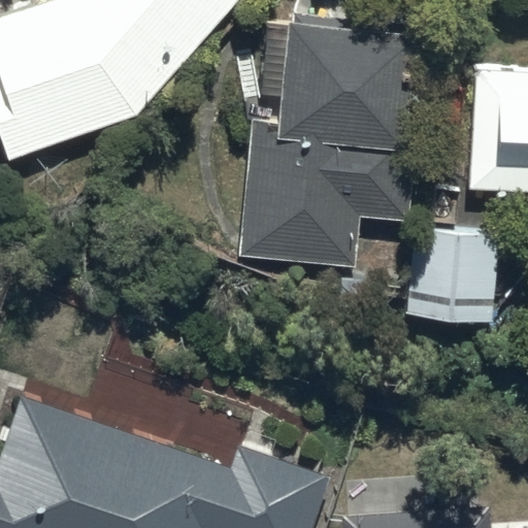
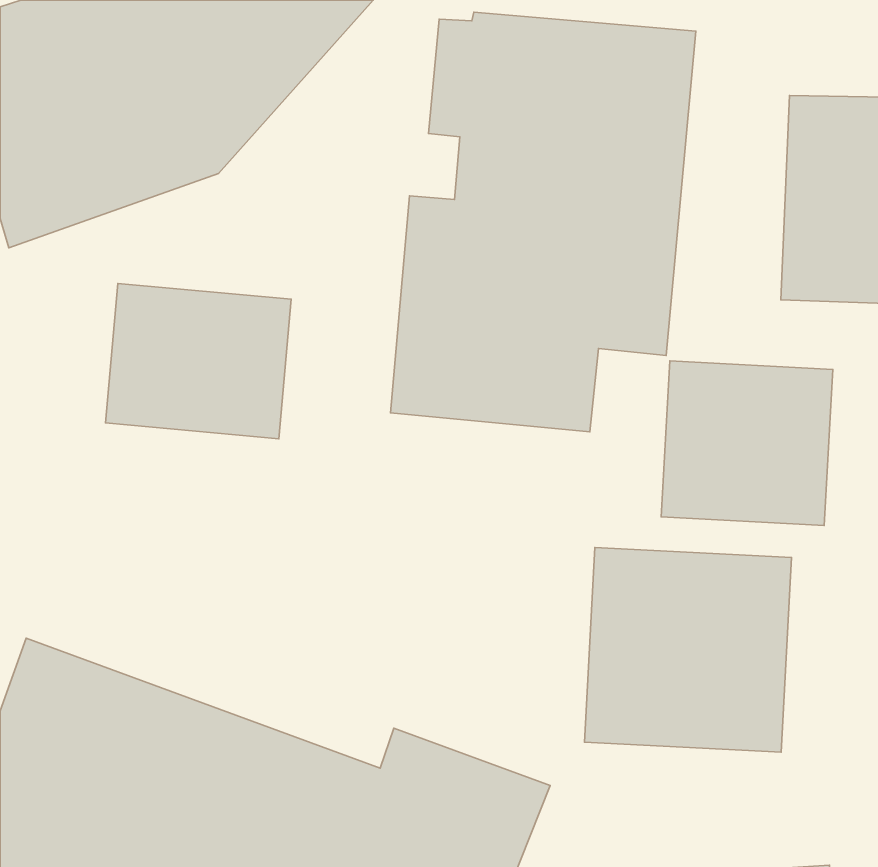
building: none -> [105,283,291,439]
building: none -> [584,547,792,752]

